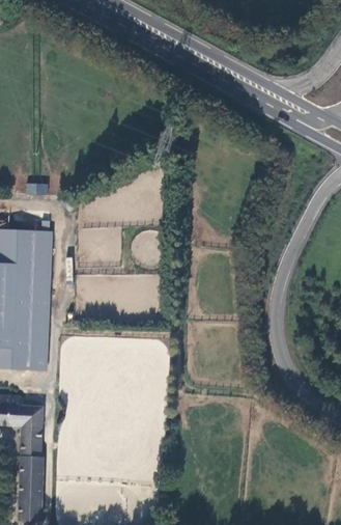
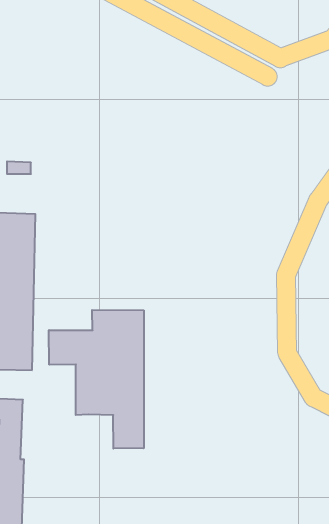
building: none -> [49,310,144,449]

